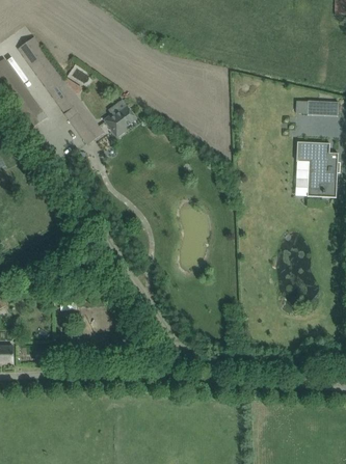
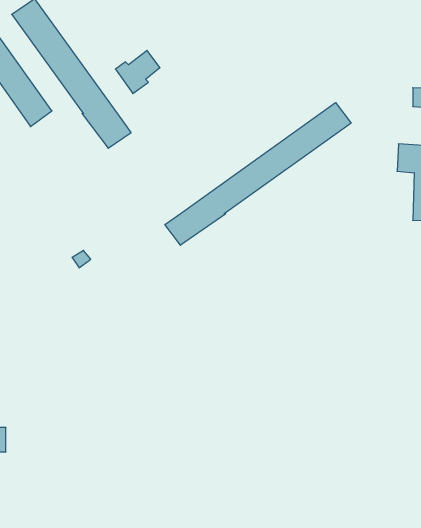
building: [103,106,135,137] -> [115,50,160,94]
building: none -> [165,103,351,245]

